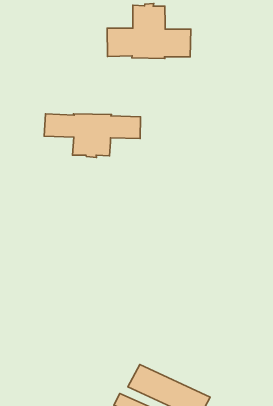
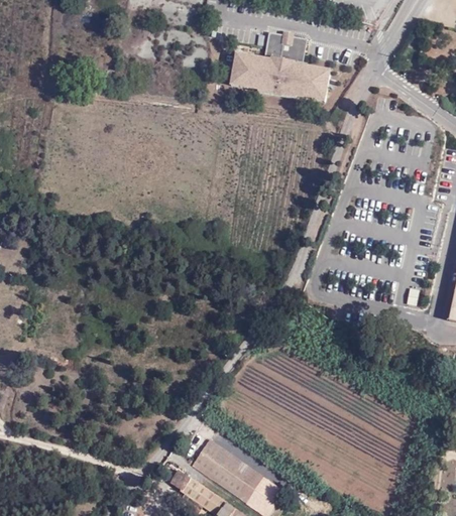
building: [44,114,141,157] -> none

